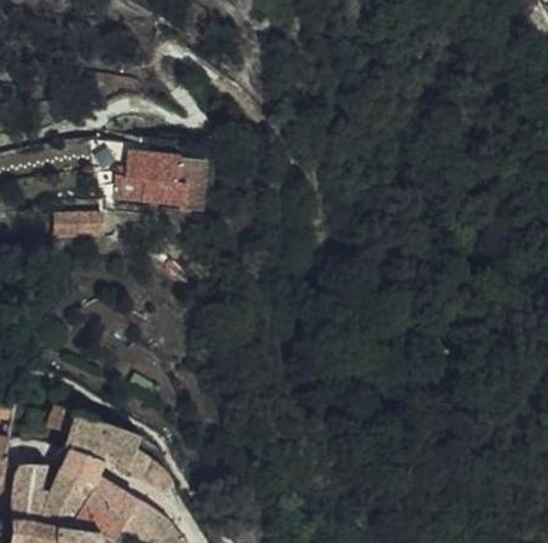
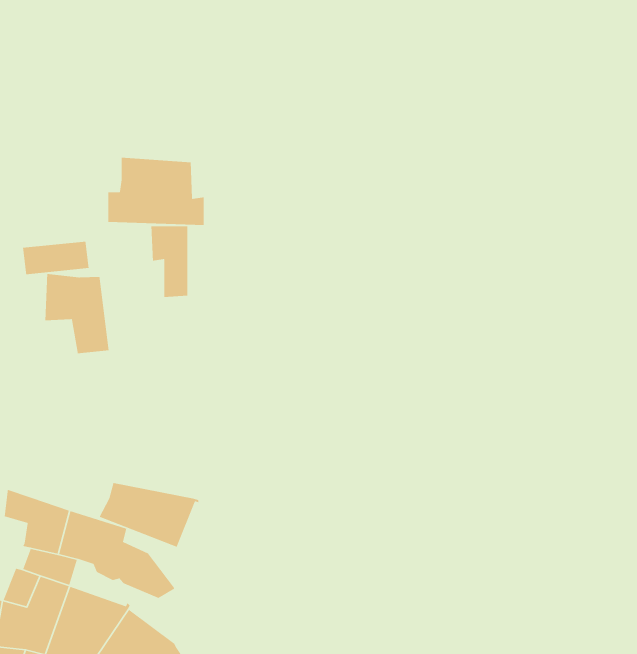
building: [181,160,209,214] -> [150,225,188,298]
building: none -> [44,273,110,354]
building: none -> [99,482,200,548]

